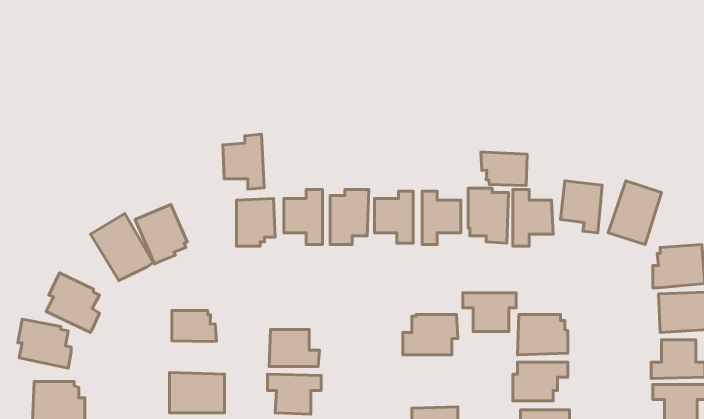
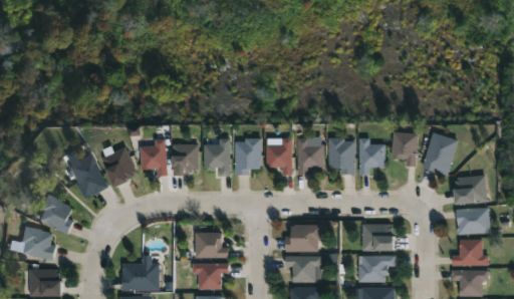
building: [223,134,264,189] -> [139,139,167,177]
building: [481,152,527,185] -> none
building: [463,293,516,332] -> [284,255,320,281]
building: [172,310,217,341] -> none

